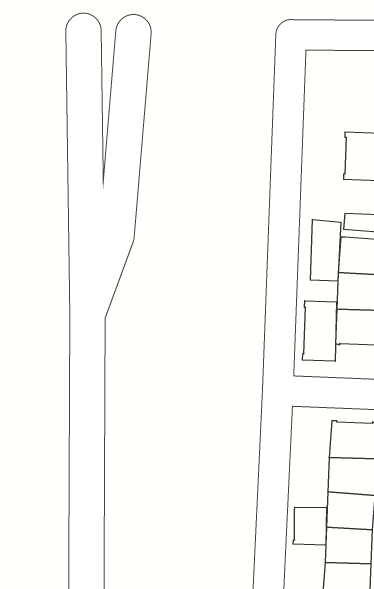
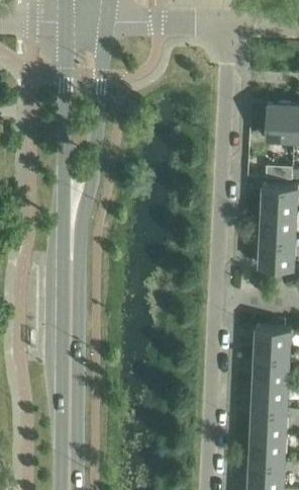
building: [311,219,341,281] -> none
building: [302,301,337,361] -> none
building: [293,507,326,545] -> none

